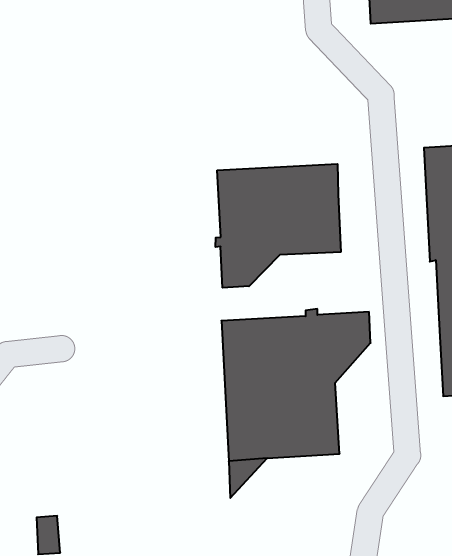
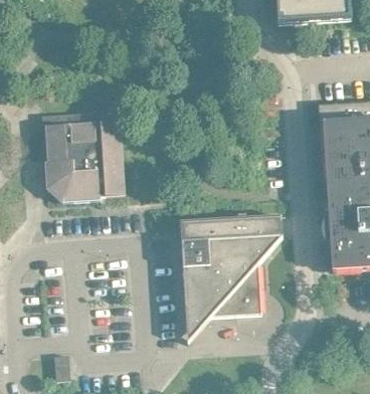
building: none -> [44,101,123,200]
building: [216,164,341,288] -> none

